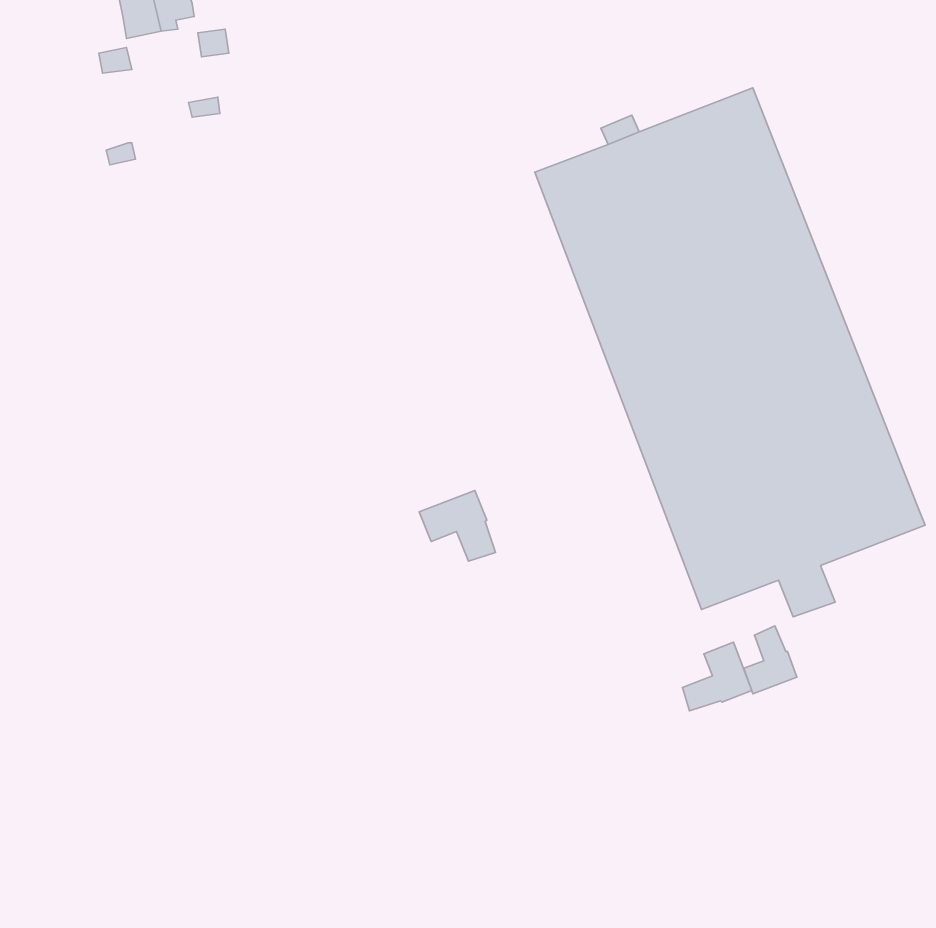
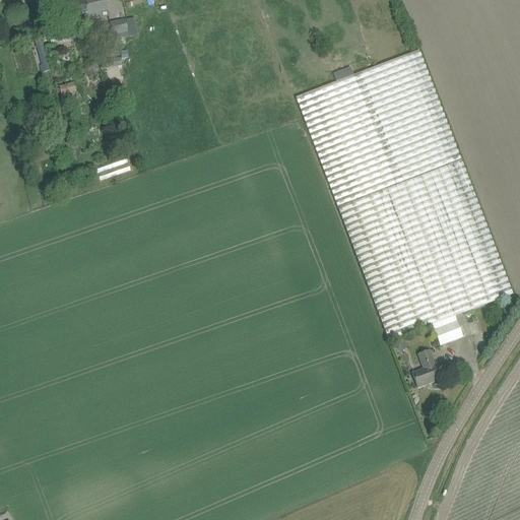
building: [419,490,495,561] -> none
building: [683,642,752,711] -> none

